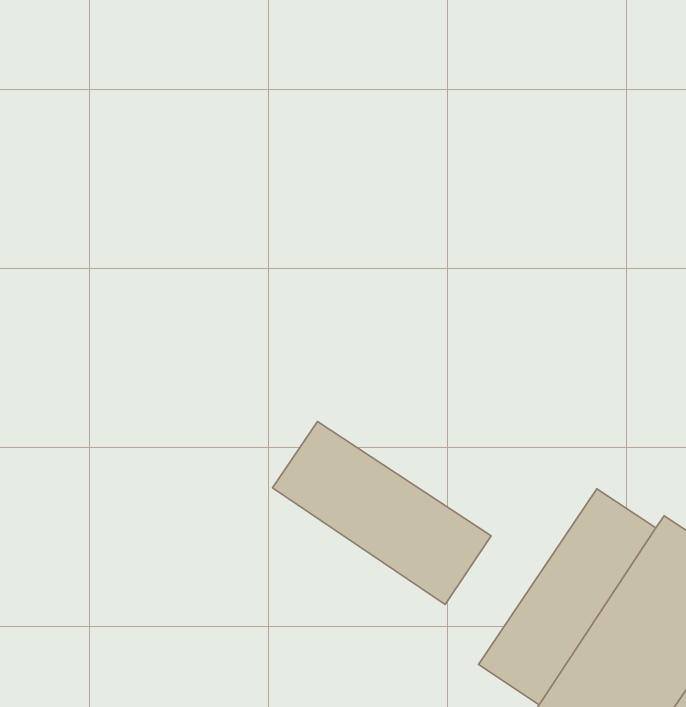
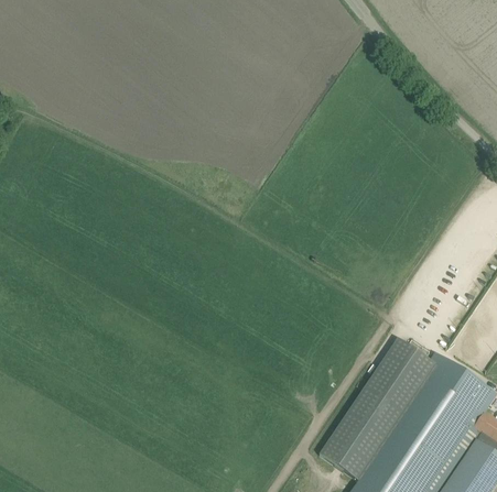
building: [273,421,491,605] -> none

